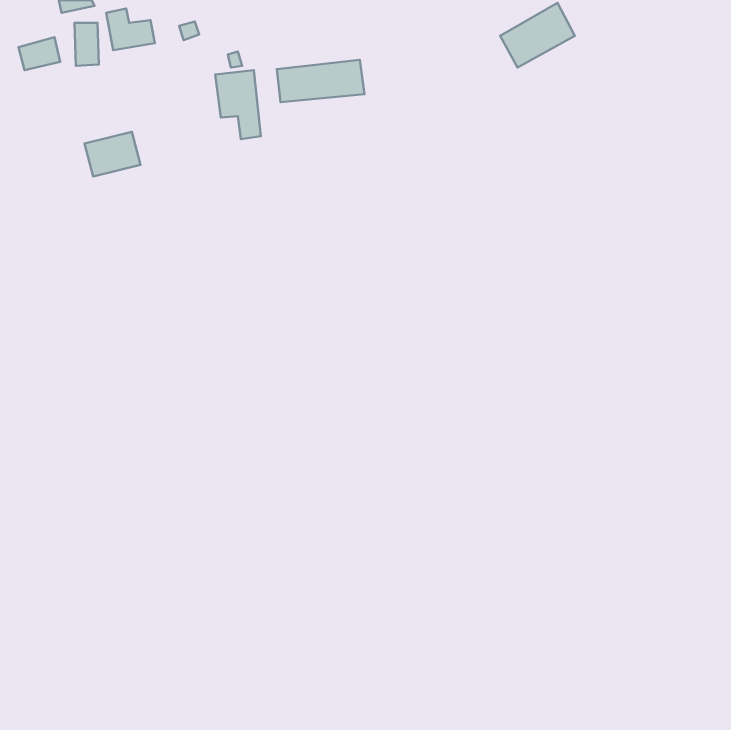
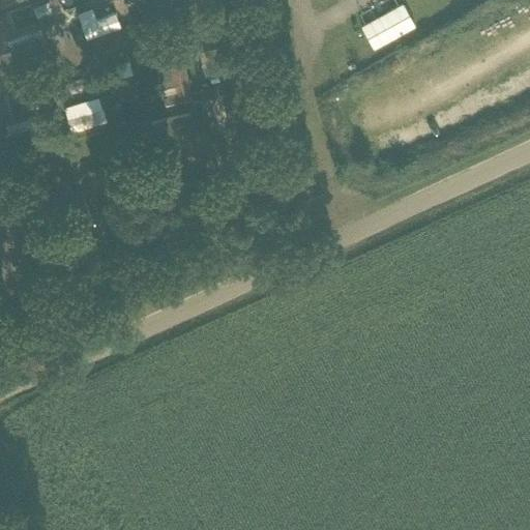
building: [277,60,365,102] -> none

